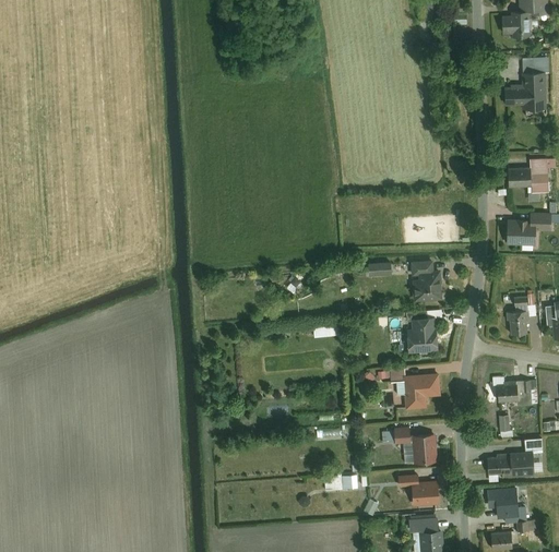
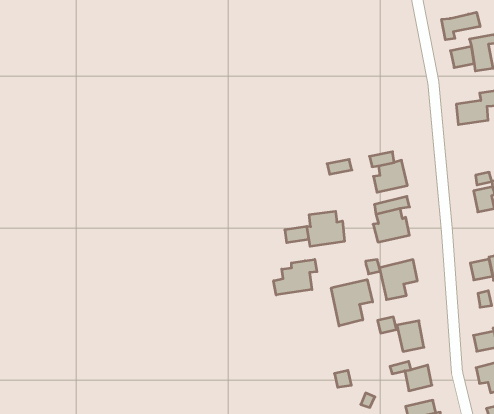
building: none -> [442,12,480,40]
building: none -> [307,211,344,246]
building: none -> [274,259,317,295]
building: none -> [331,280,373,326]

